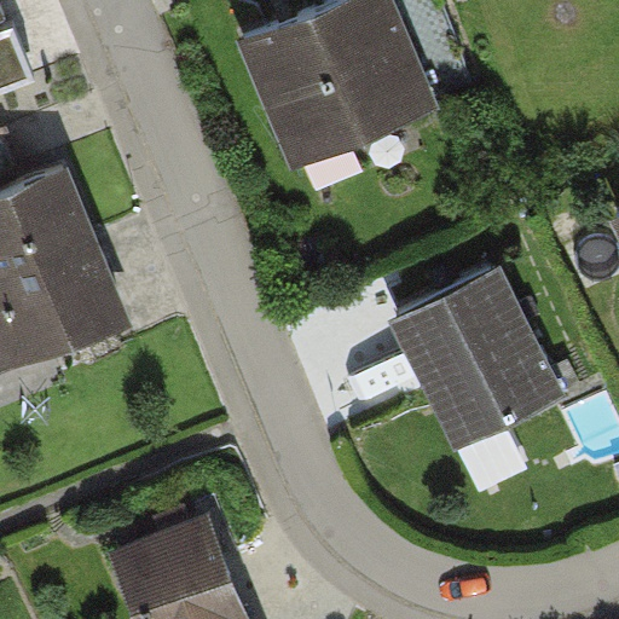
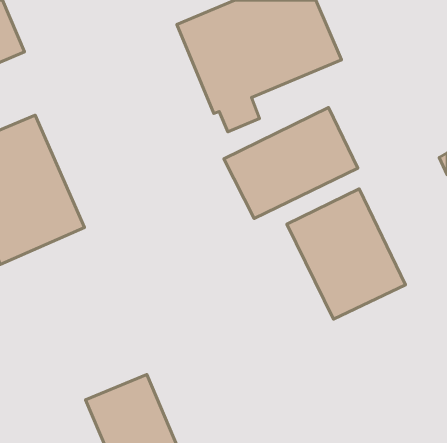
building: none -> [224,108,358,218]

